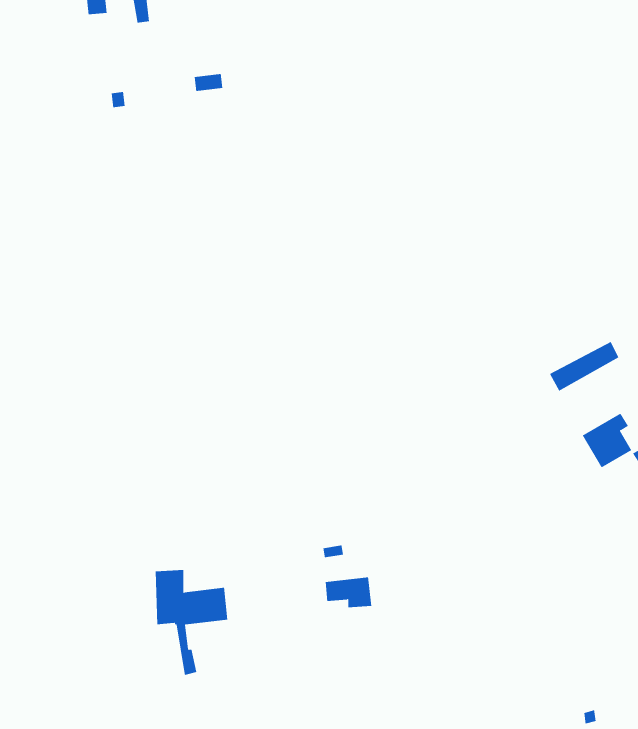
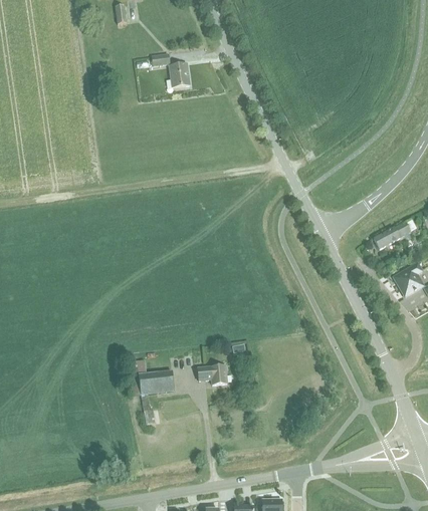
building: none -> [170,63,190,86]
building: [325,577,372,608] -> [198,365,227,385]

